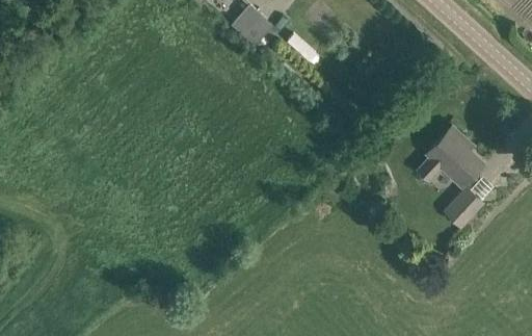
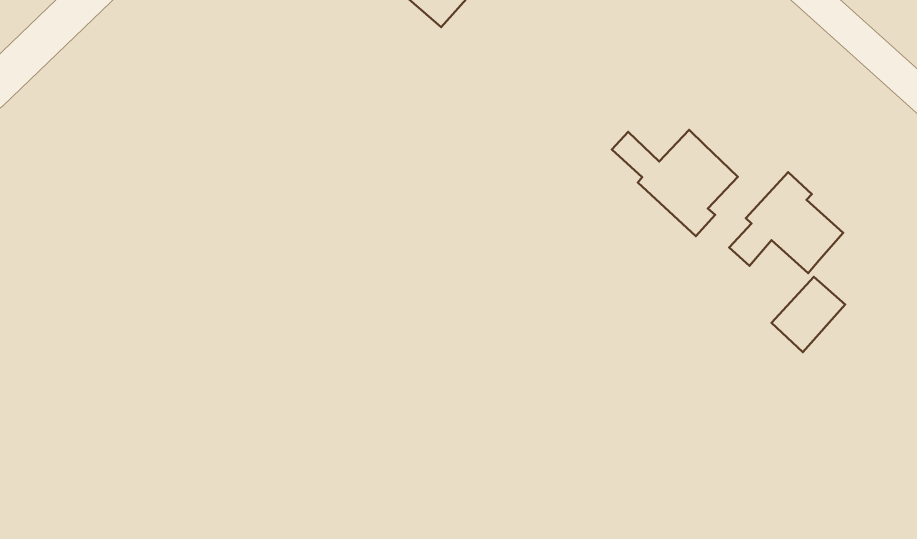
building: none -> [612,130,738,236]

